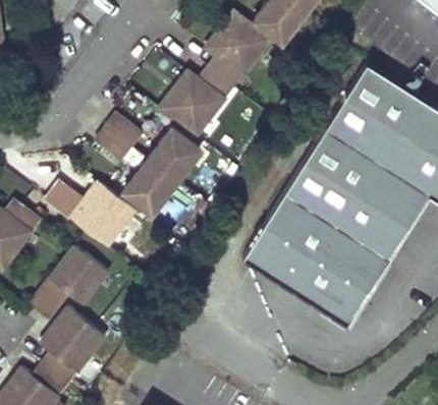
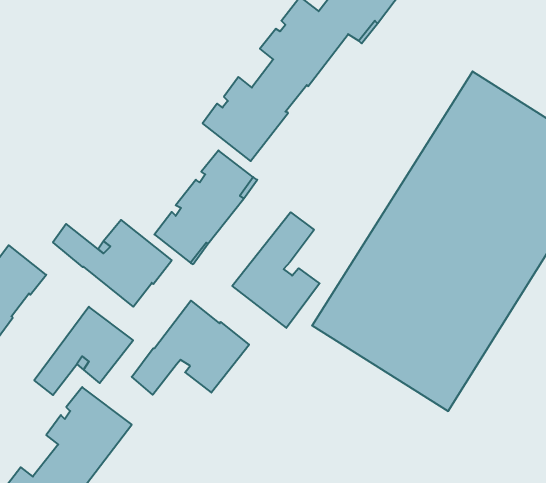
building: [98,114,140,156] -> none
building: none -> [232,212,320,328]
building: none -> [132,301,249,395]

